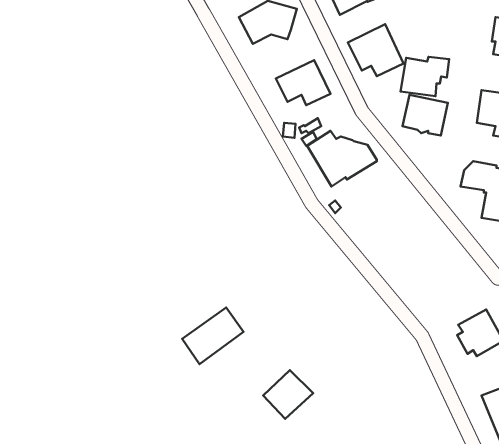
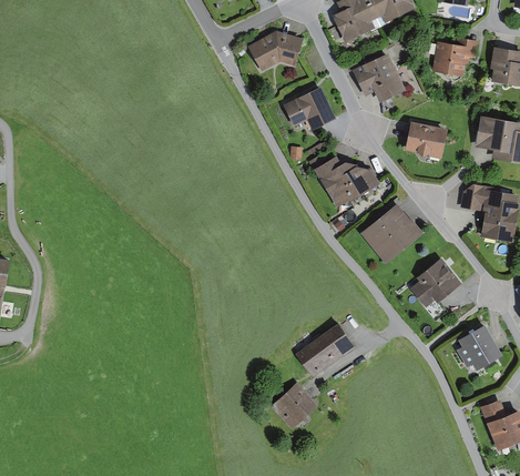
building: [401,57,449,96] -> [431,39,478,77]
building: none -> [360,203,424,264]
building: none -> [410,257,462,307]
building: [182,307,244,364] -> [297,323,356,377]

